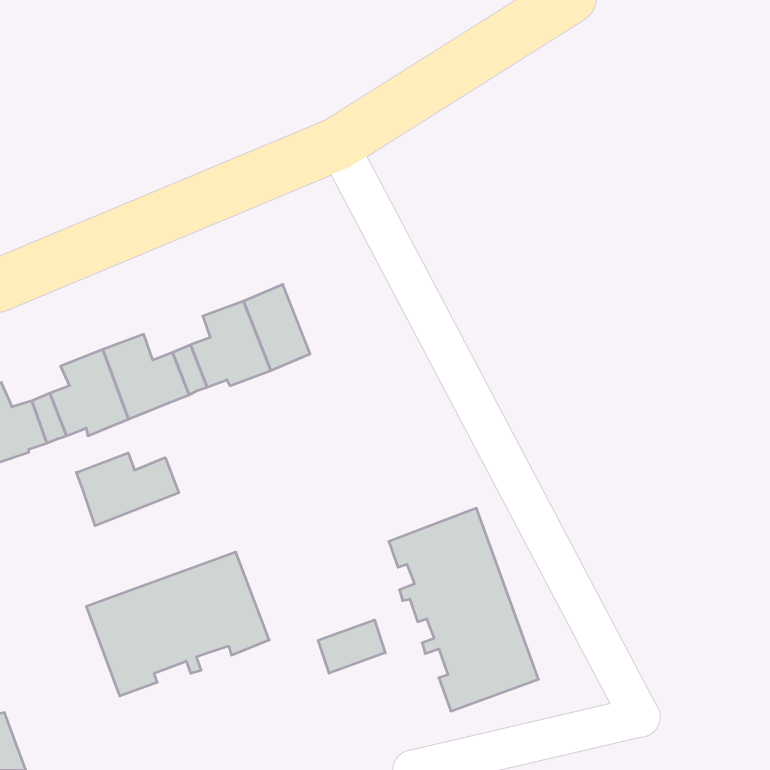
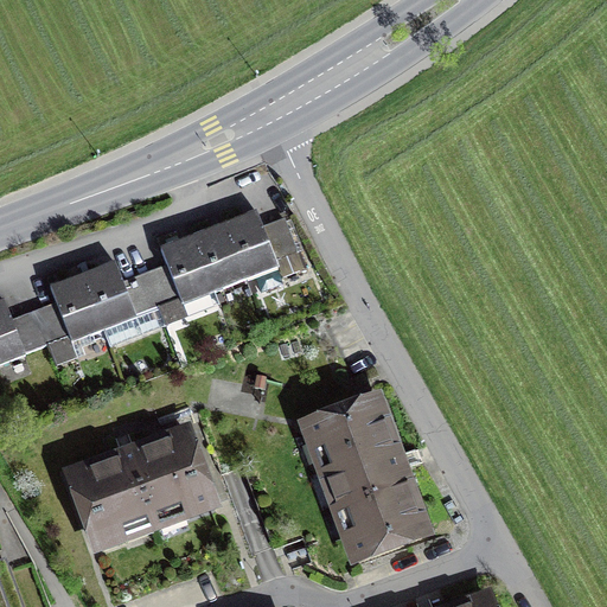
building: none -> [222,211,301,277]
building: [76,453,179,526] -> none
building: [318,620,385,673] -> none

